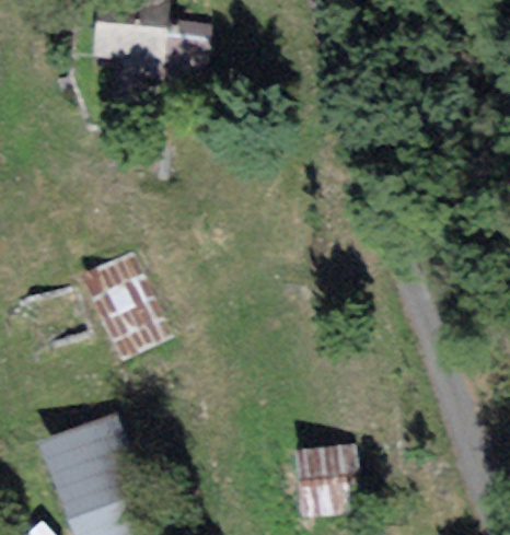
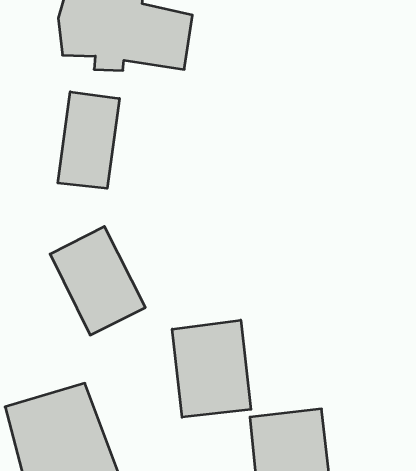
building: none -> [58,92,119,188]
building: none -> [172,320,251,417]

